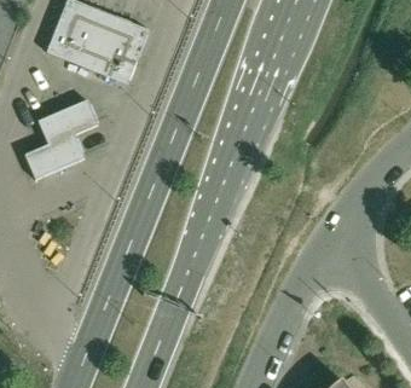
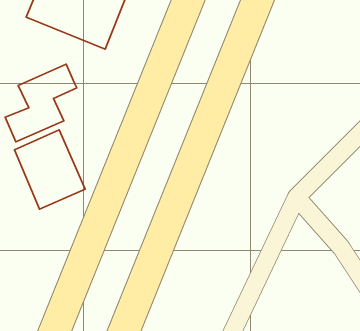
building: none -> [15,130,85,209]

